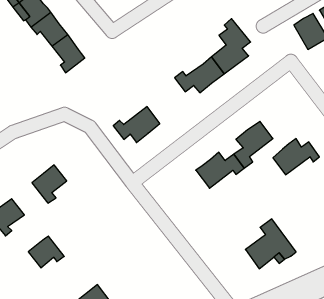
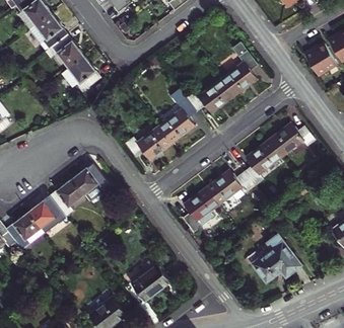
building: none -> [159,91,196,143]
building: [273,139,319,175] -> [268,122,313,157]
building: none -> [70,166,108,197]
building: none -> [184,187,219,232]
building: [28,236,64,268] -> [29,199,64,230]
building: none -> [129,263,168,300]

